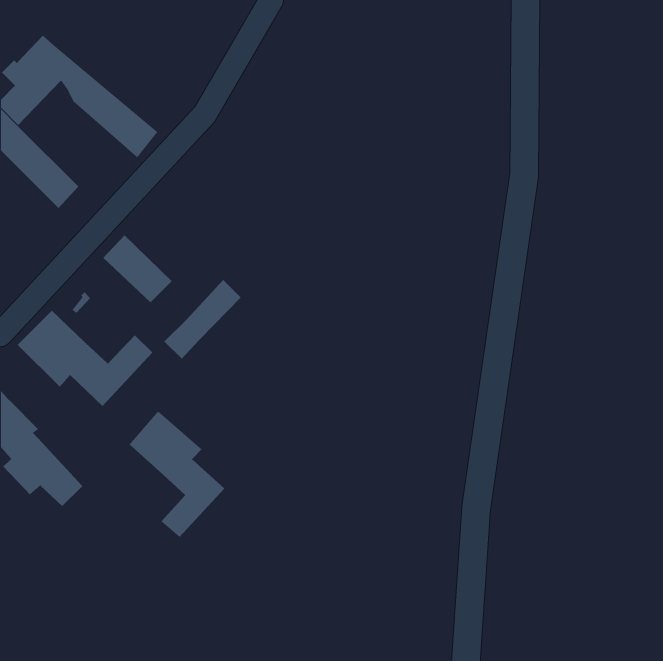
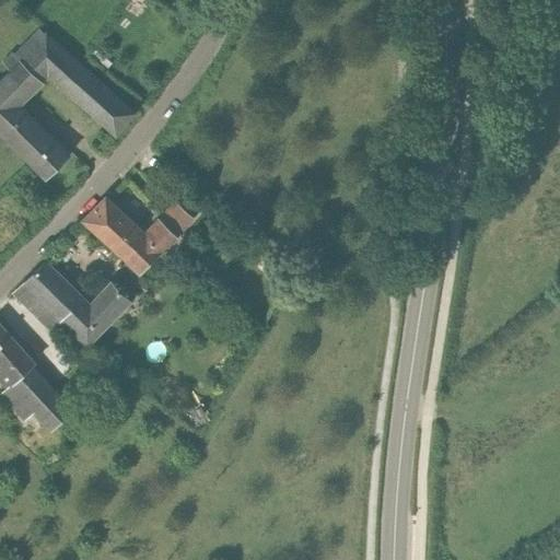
building: [164,279,241,360] -> [127,205,192,272]
building: [129,411,225,538] -> none

